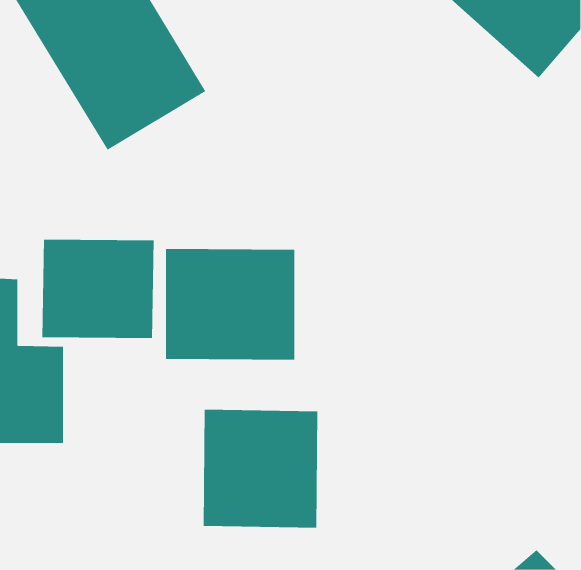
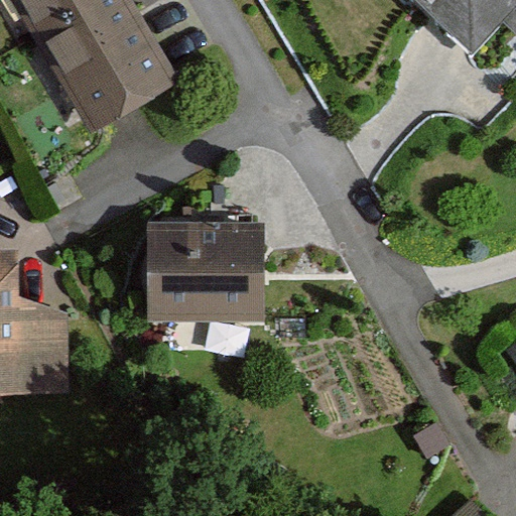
building: [42,239,154,339] -> none
building: [203,409,318,529] -> none

